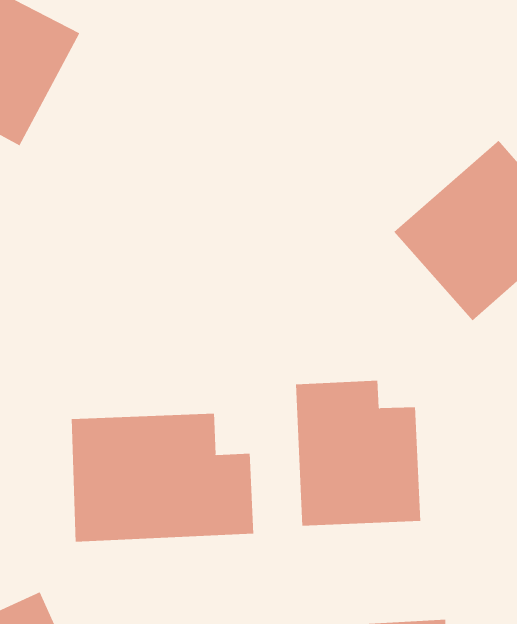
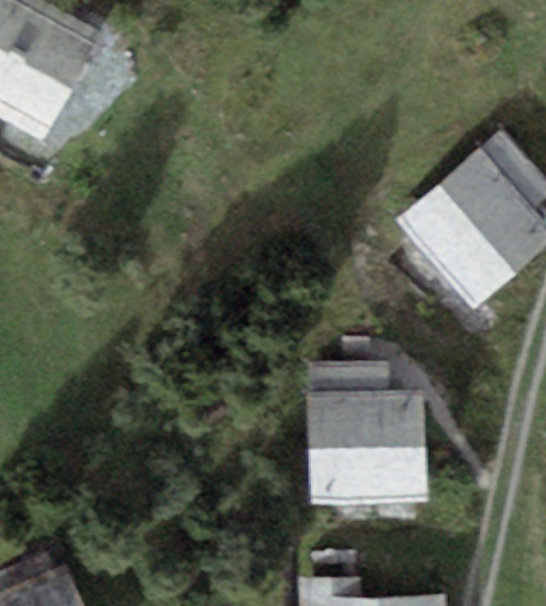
building: [71,413,254,542] -> none

